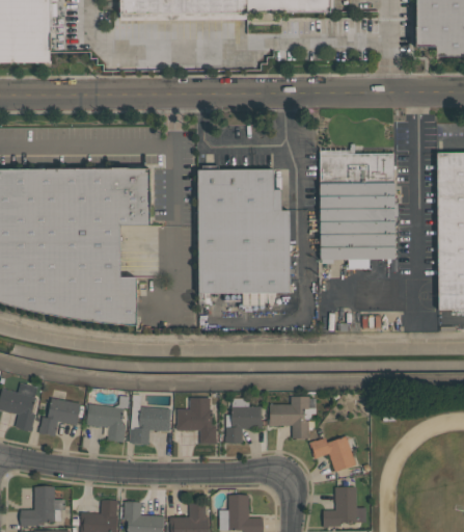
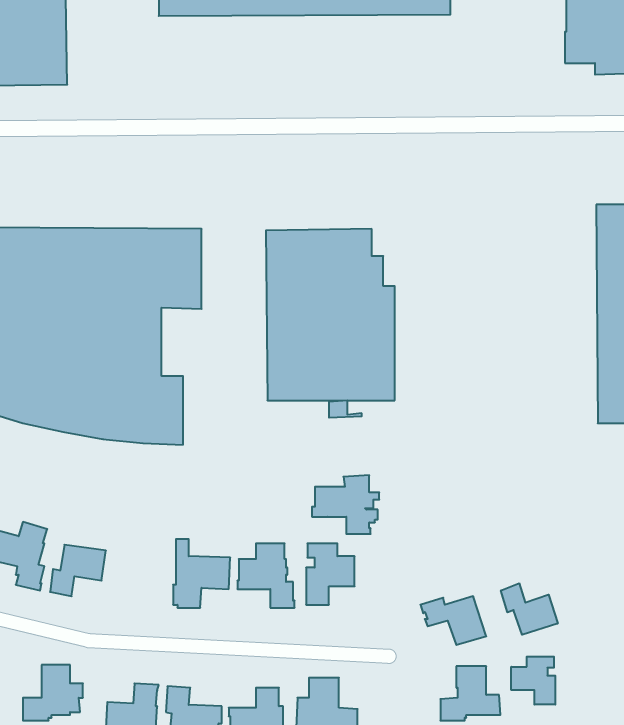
building: [321,149,395,269] -> none
building: [268,395,317,437] -> [312,475,379,534]
building: [86,403,127,442] -> none
building: none -> [501,583,558,635]
building: none -> [511,657,555,705]

